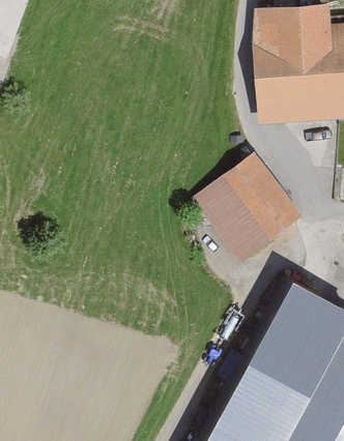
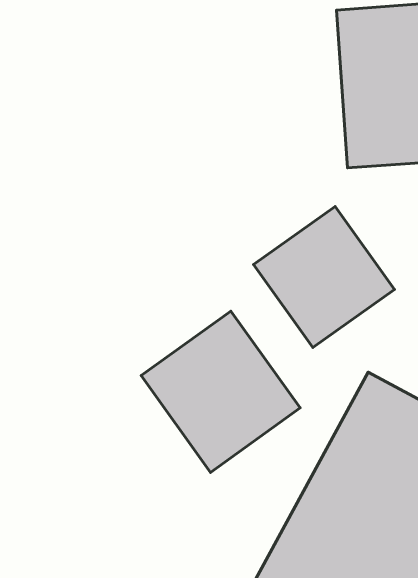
building: none -> [141,311,300,472]

